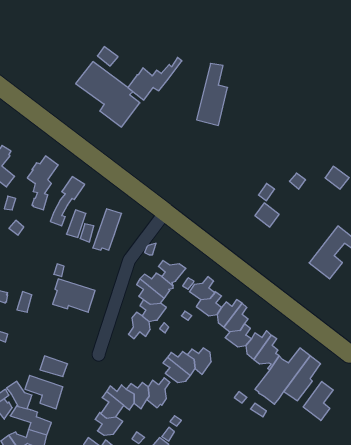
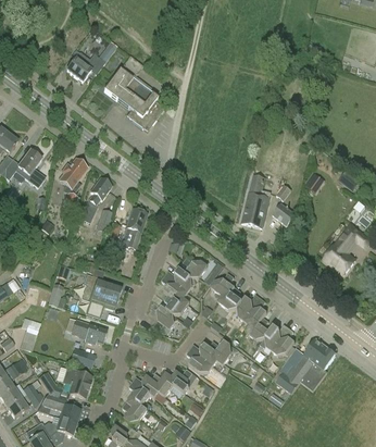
building: [128,57,182,100] -> [66,41,117,82]
building: [197,63,228,125] -> [241,169,271,227]
building: none -> [71,319,106,344]
building: [303,381,333,421] -> none

